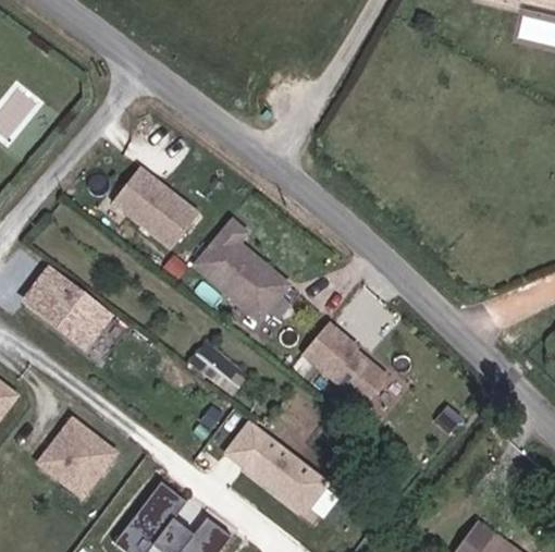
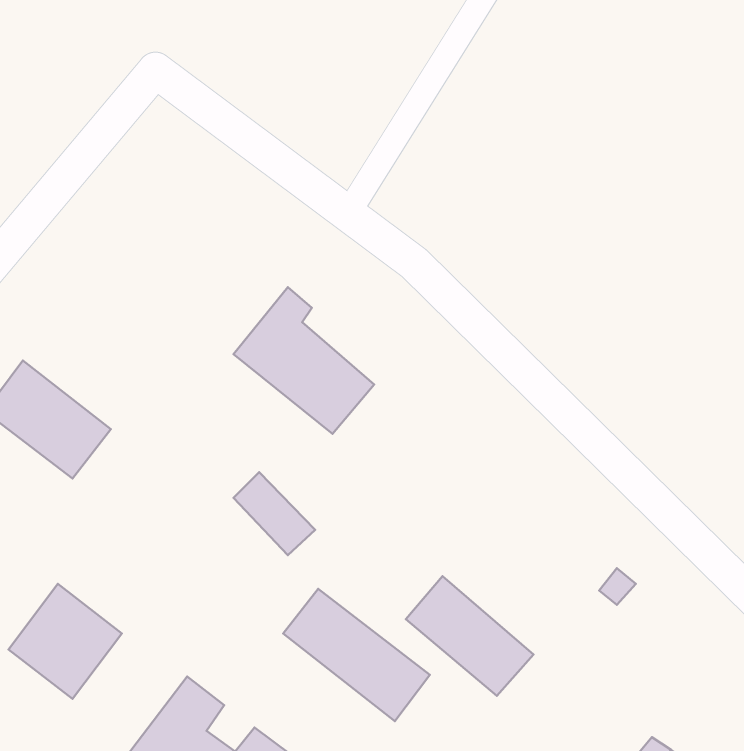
building: [112,167,198,246] -> none
building: [301,321,388,403] -> [406,576,534,696]

